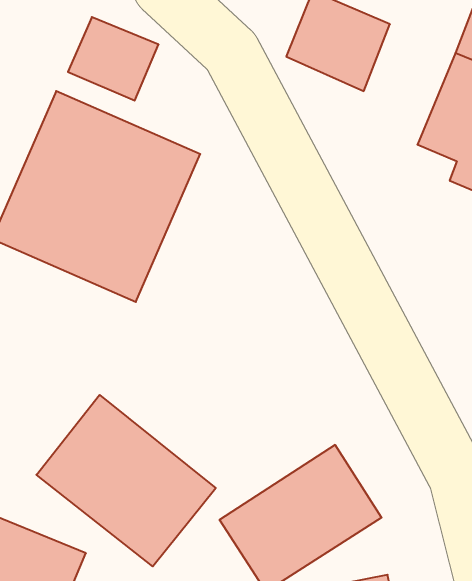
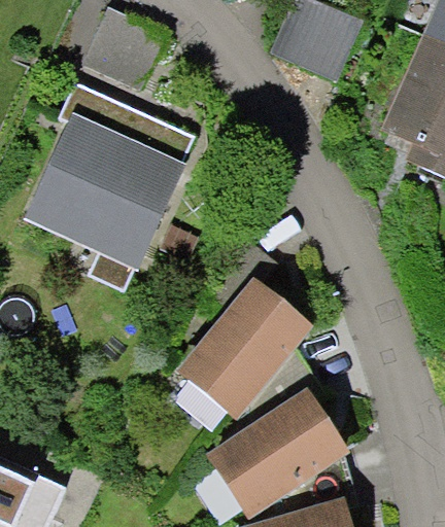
building: none -> [178,277,315,419]
building: [36,395,216,566] -> none

